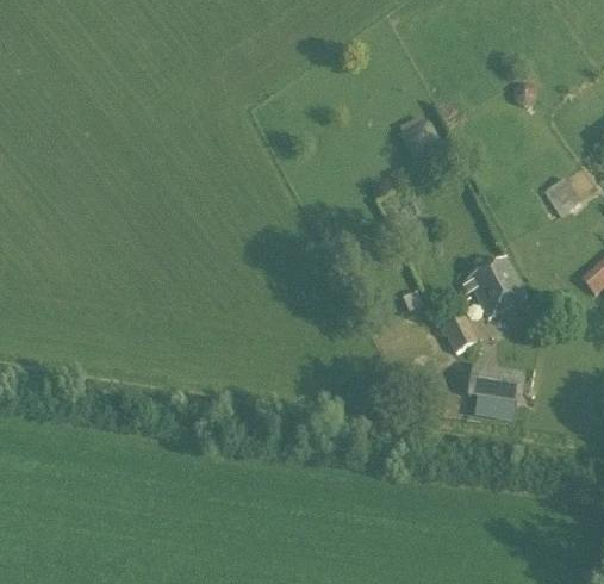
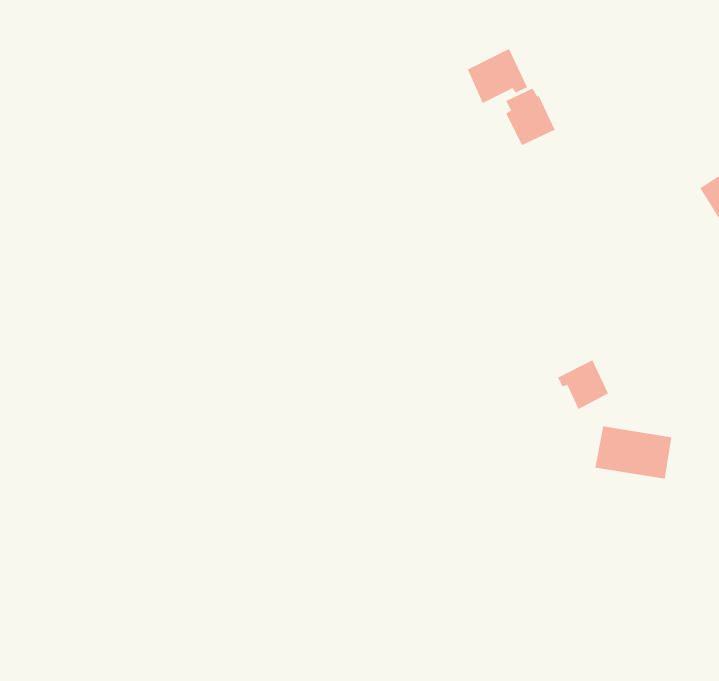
building: none -> [467,48,528,104]
building: [463,260,529,318] -> none

